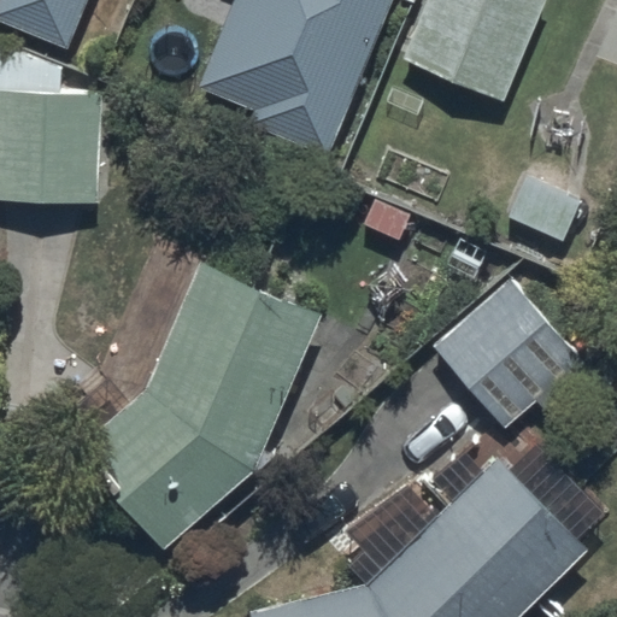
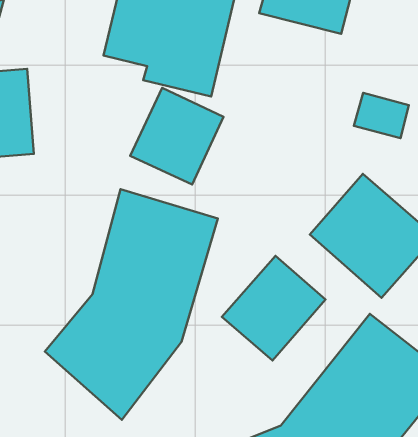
building: none -> [130,88,224,184]
building: none -> [222,256,325,361]

